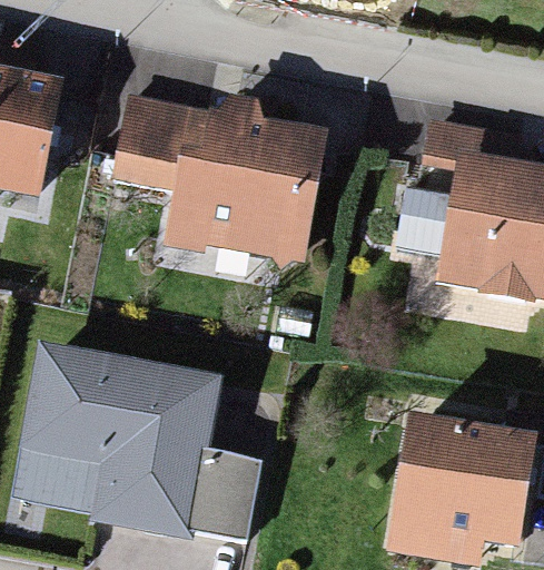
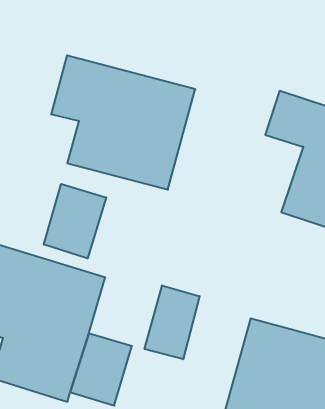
building: none -> [44,184,106,258]
building: none -> [145,285,200,359]

